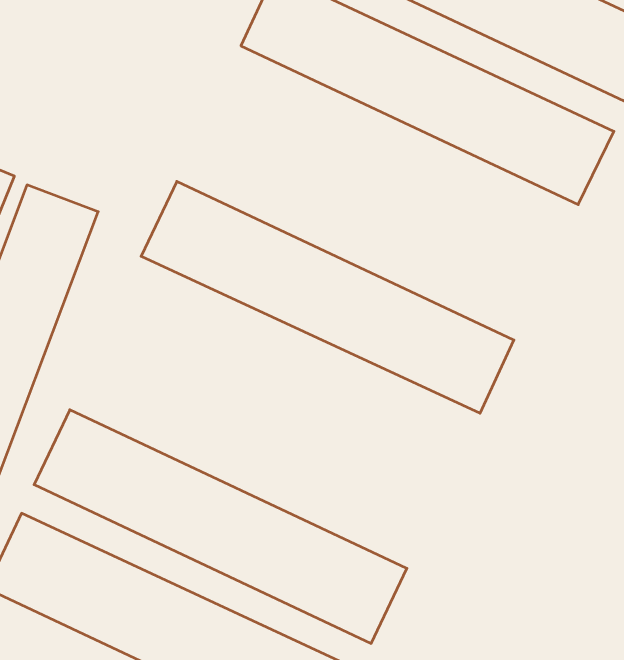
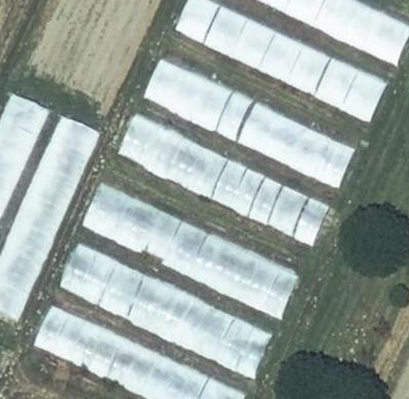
building: none -> [147,53,361,187]
building: none -> [84,183,298,316]

